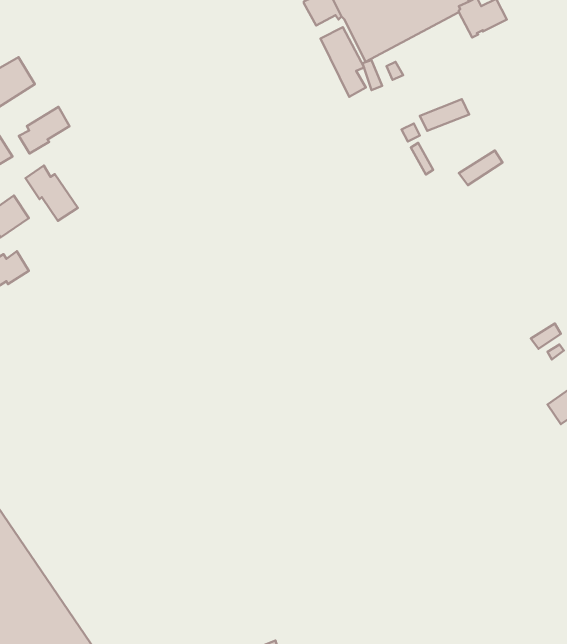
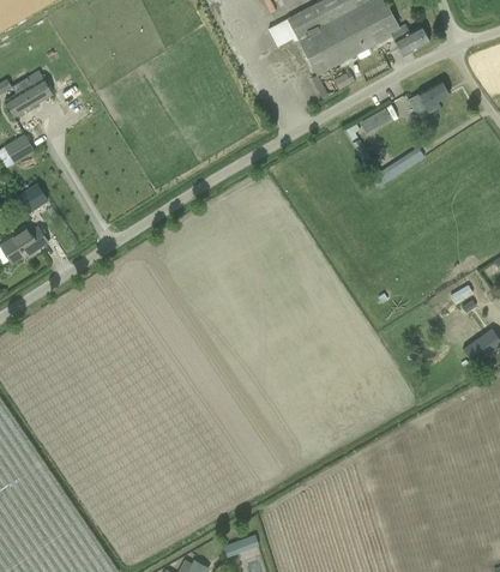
building: [320,27,366,97] -> none
building: none -> [406,82,447,120]
building: [19,107,70,153] -> none
building: [26,166,78,221] -> none

